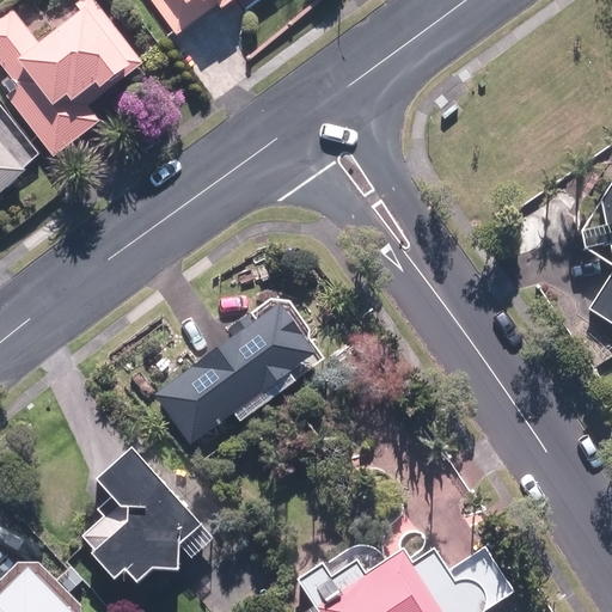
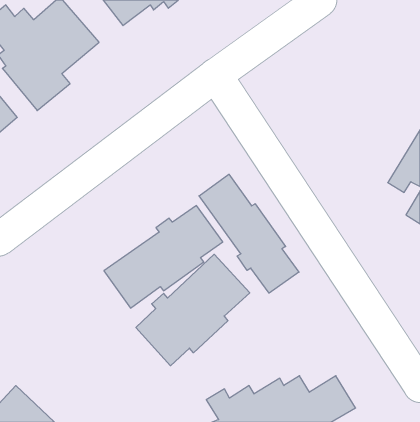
building: none -> [199,174,299,293]
building: none -> [136,254,250,366]
building: [79,445,216,580] -> none

